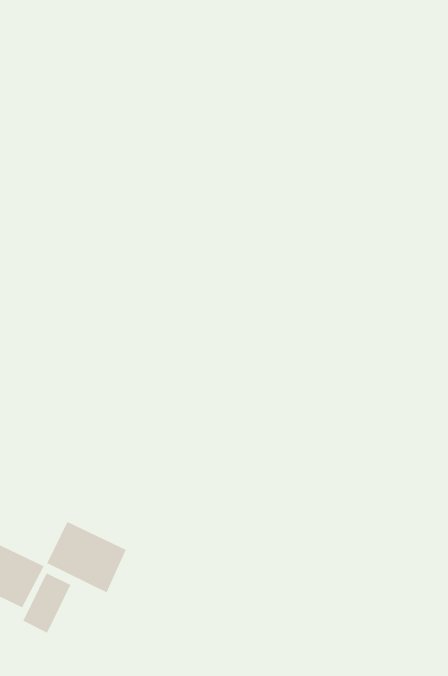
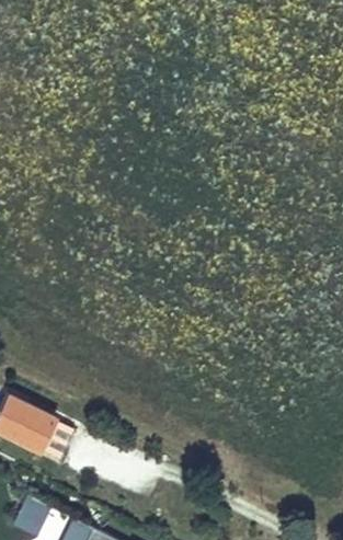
building: [47,521,127,593] -> none

